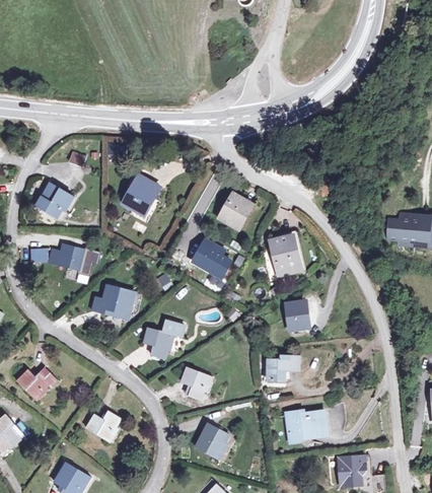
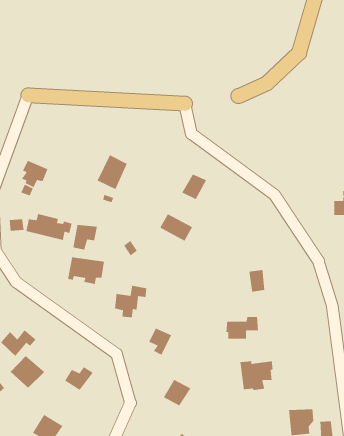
building: [267,230,302,275] -> none
building: none -> [72,224,98,251]
building: none -> [10,355,45,389]

